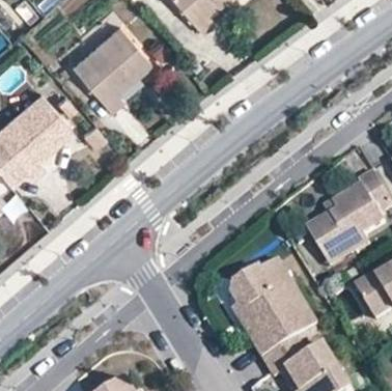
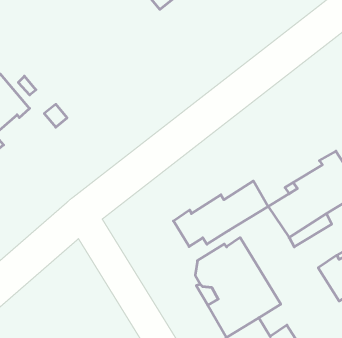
building: [73,26,149,109] -> none
building: none -> [173,181,268,247]

